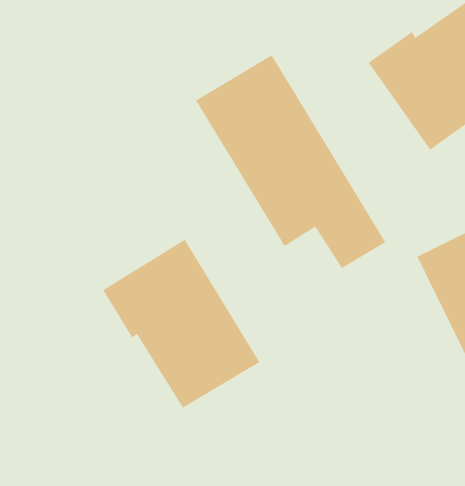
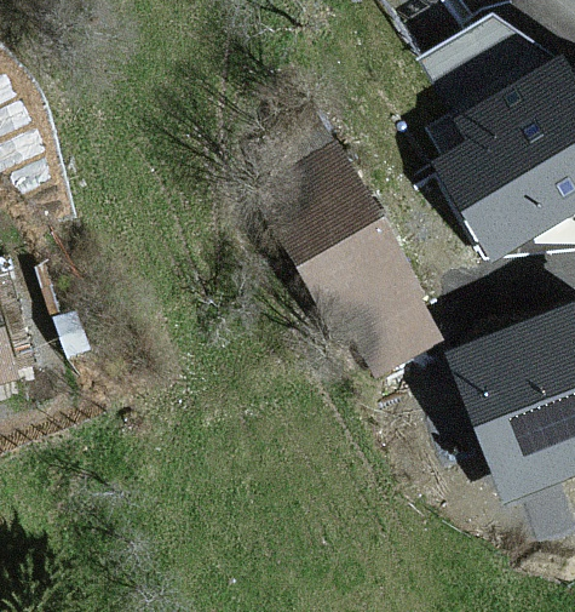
building: [102,239,260,409] -> none

